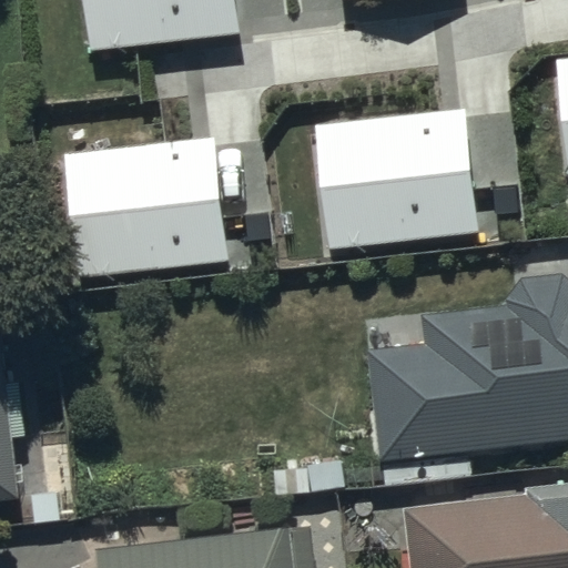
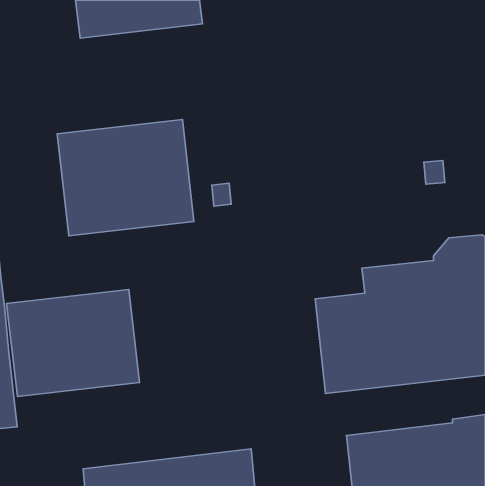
building: [318,112,476,246] -> none
building: none -> [7,290,140,396]

